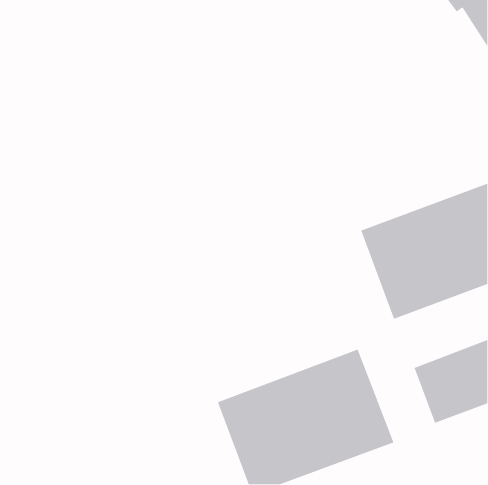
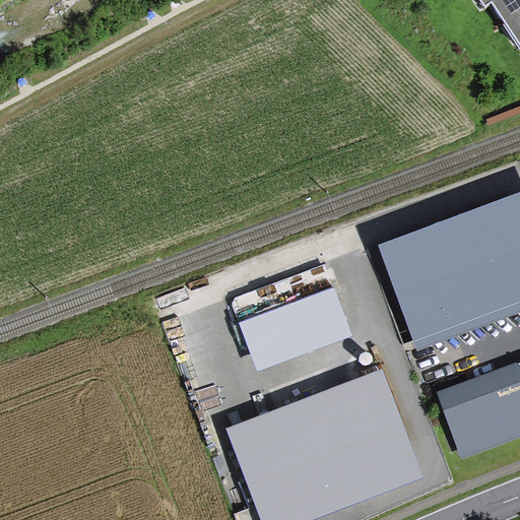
building: none -> [242,287,350,366]

